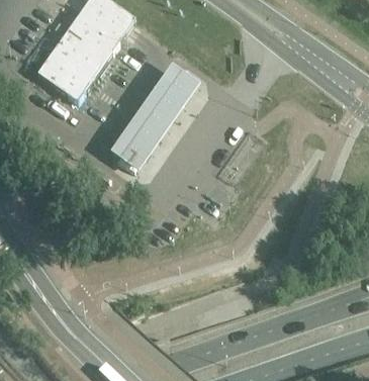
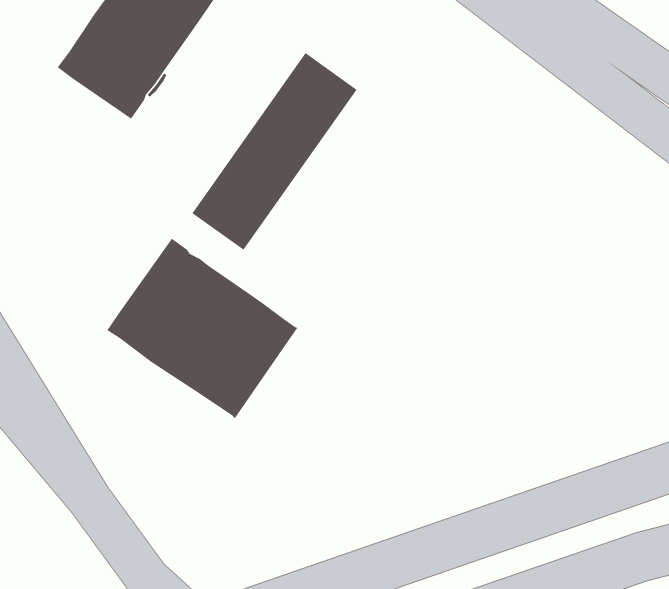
building: none -> [106,238,298,419]

